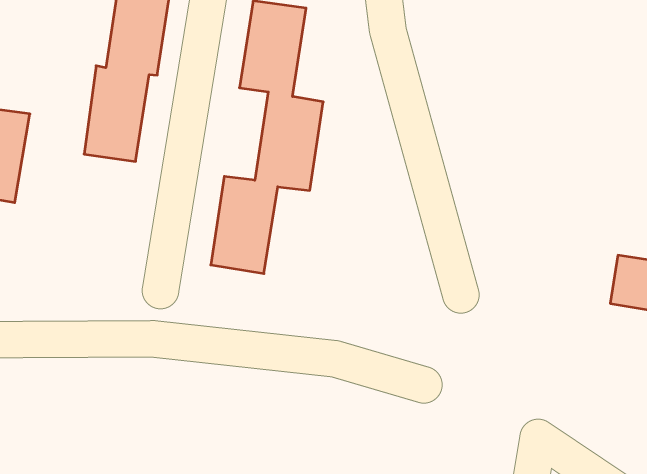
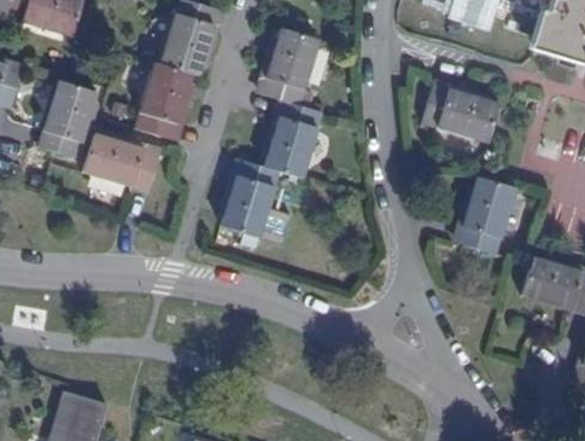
building: none -> [421,85,498,144]
building: none -> [455,180,514,259]
building: none -> [83,133,160,192]

